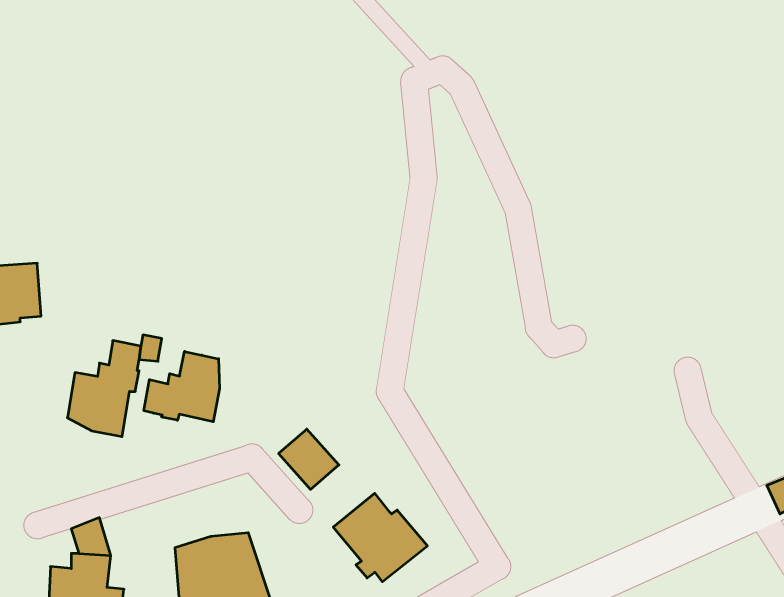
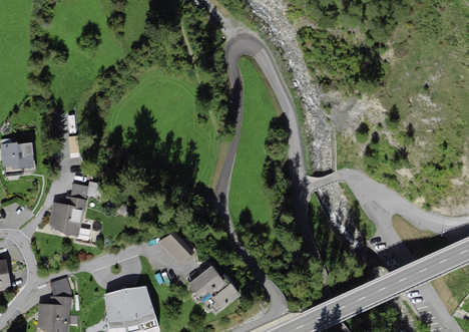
building: [144,351,220,422] -> none

